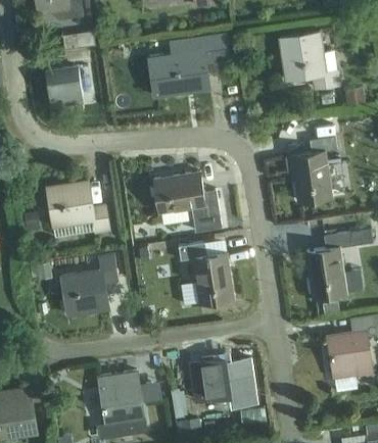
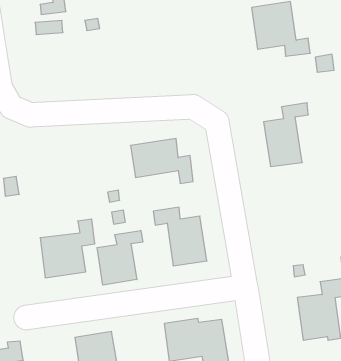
building: [149,35,217,96] -> none
building: [47,67,82,106] -> none
building: [48,180,110,234] -> none
building: [304,232,362,299] -> none
building: none -> [97,230,143,285]

